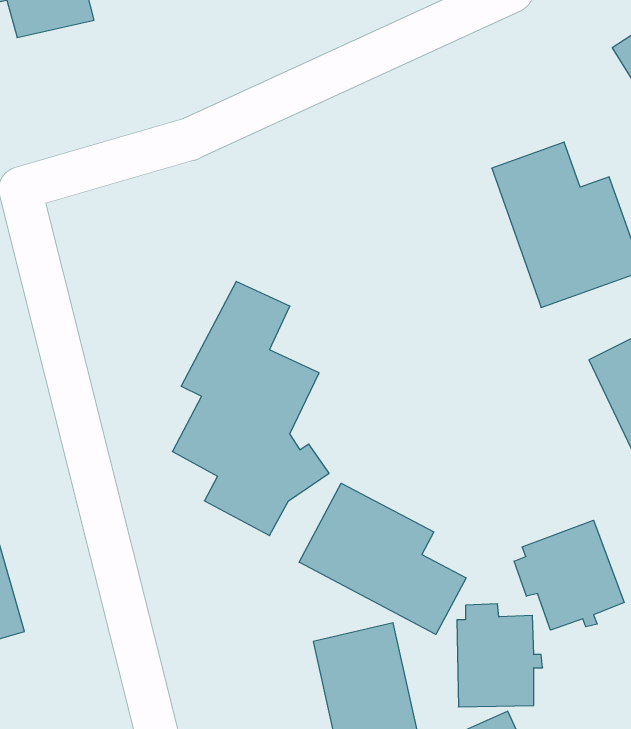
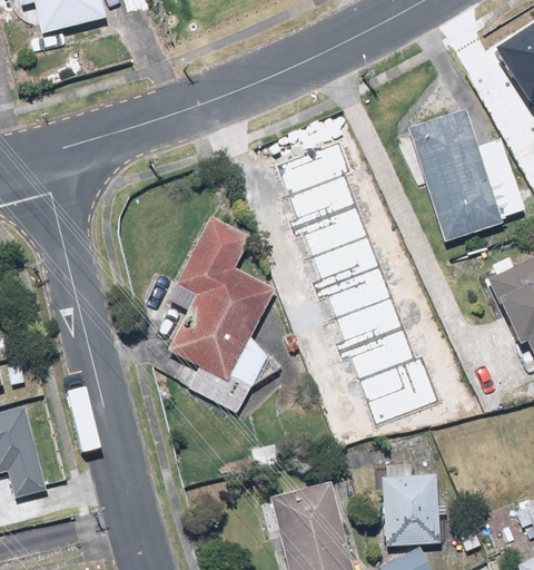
building: none -> [276,138,443,426]
building: [299,483,466,634] -> none
building: [514,520,624,630] -> none

